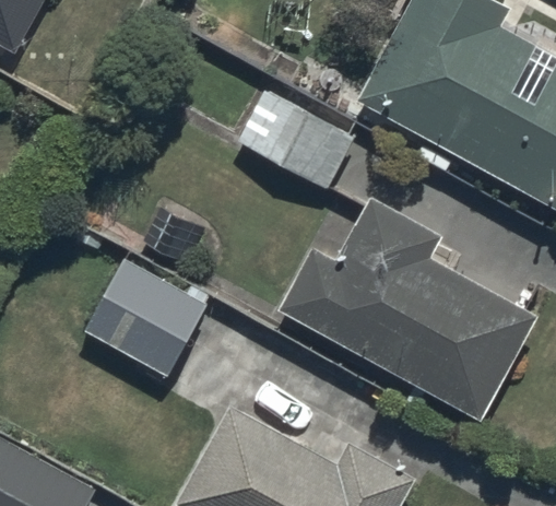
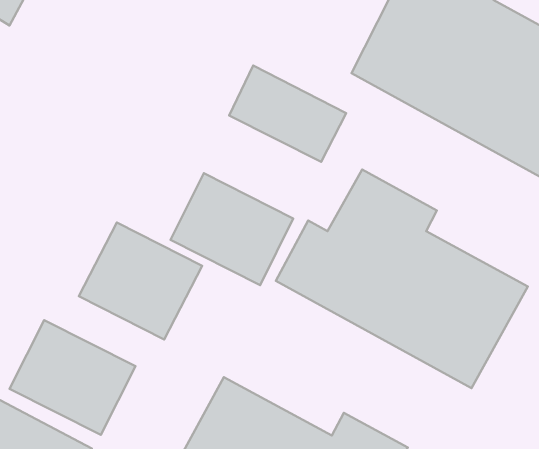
building: none -> [171,173,293,285]
building: none -> [9,320,136,435]

